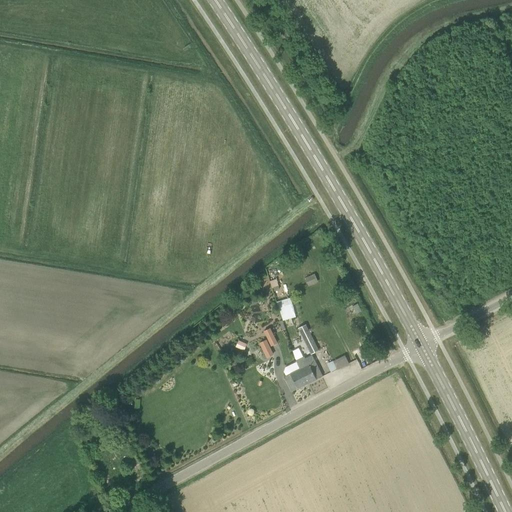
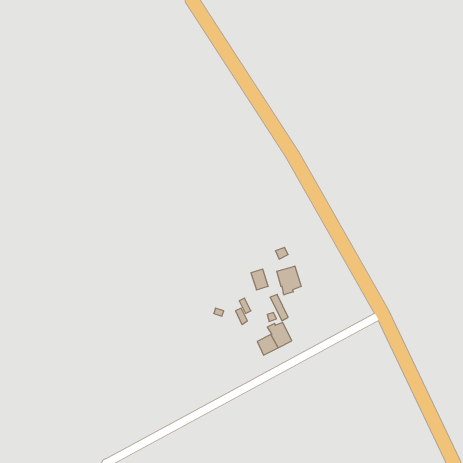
building: none -> [277,266,301,295]

